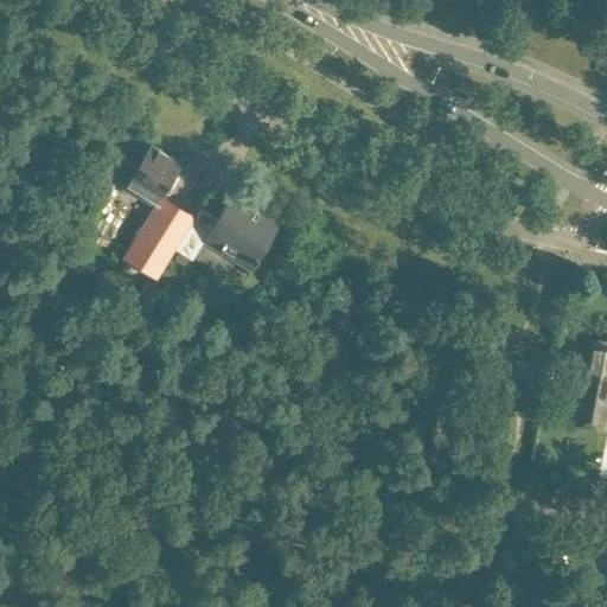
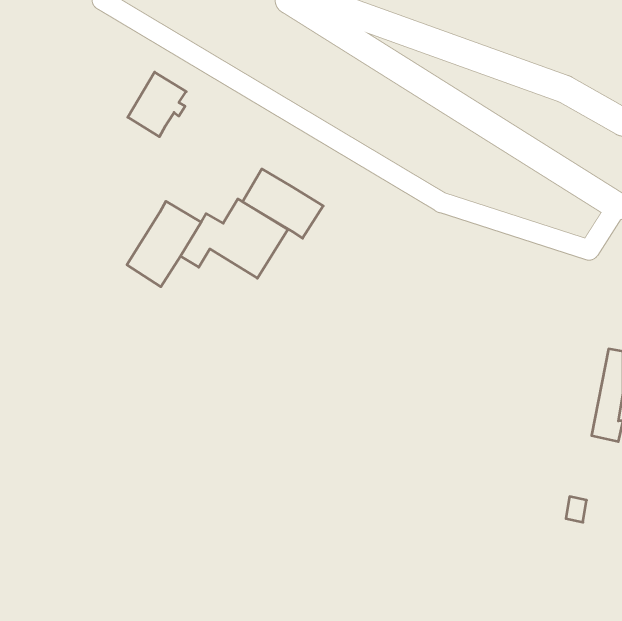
building: [126,146,183,209] -> [128,72,186,137]
building: none -> [243,169,323,238]

